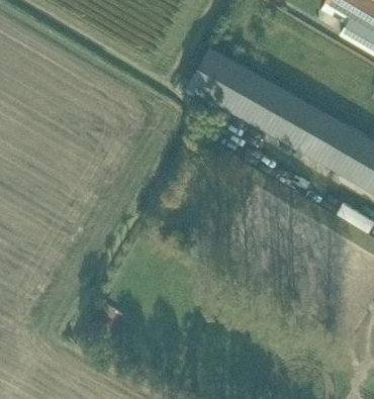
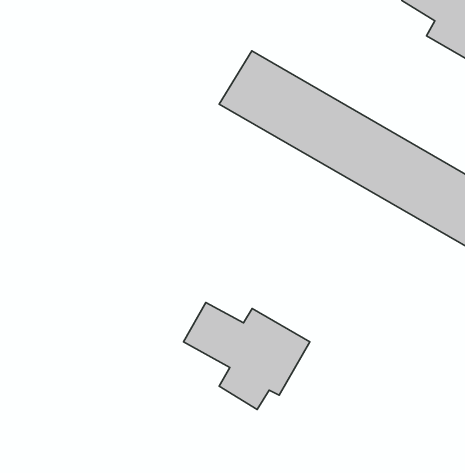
building: none -> [184,303,310,410]

